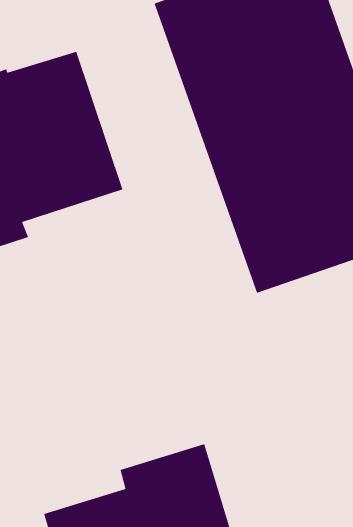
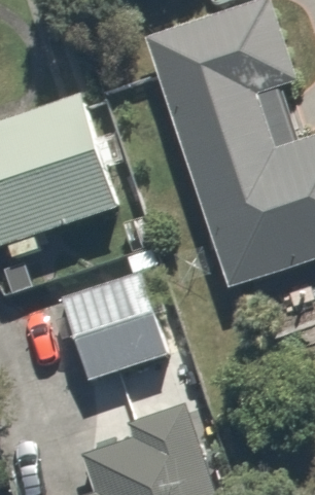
building: none -> [57,275,169,387]

